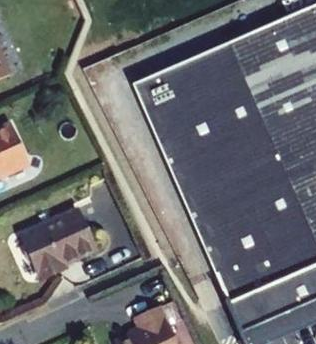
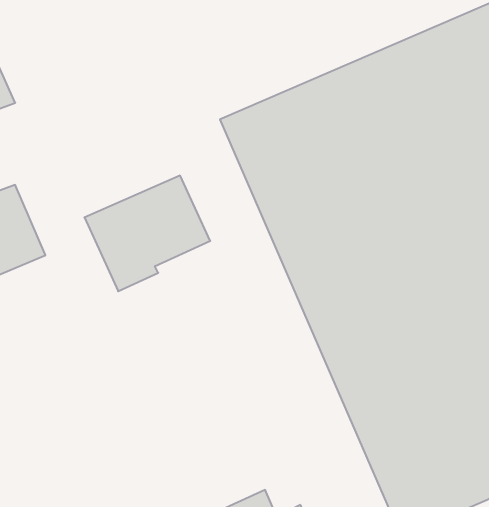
building: [22,209,97,278] -> [84,176,210,291]

